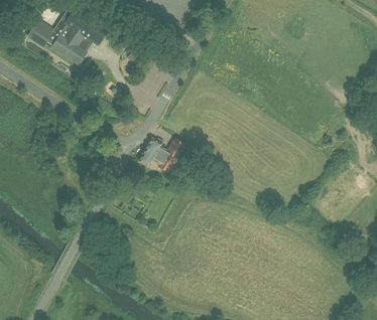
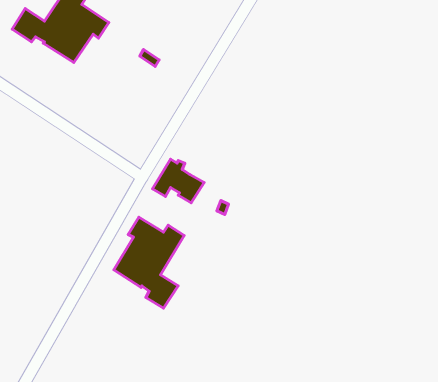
building: none -> [114,217,184,308]

